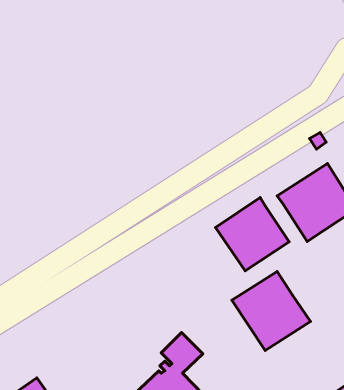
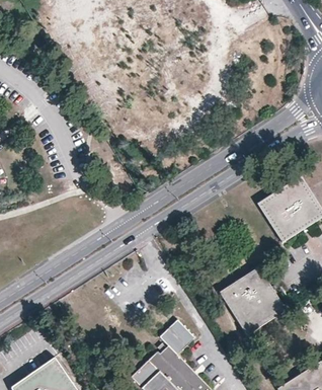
building: [215,197,289,271] -> none

